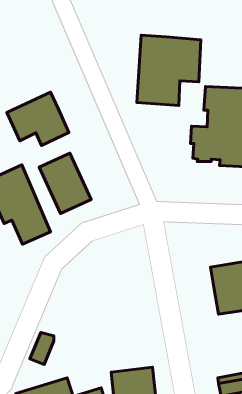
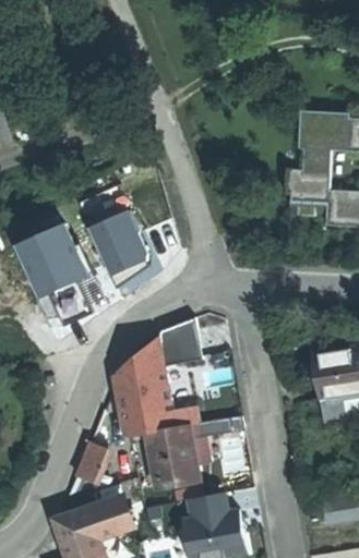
building: [137,35,201,106] -> none
building: [7,92,69,146] -> none
building: none -> [116,332,196,486]

